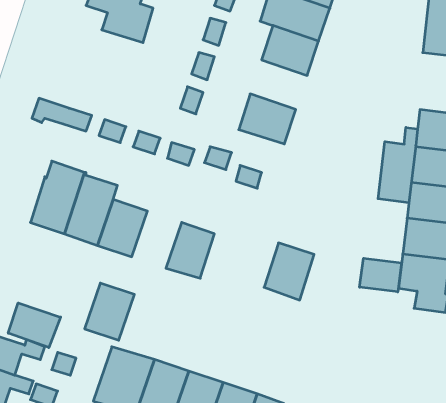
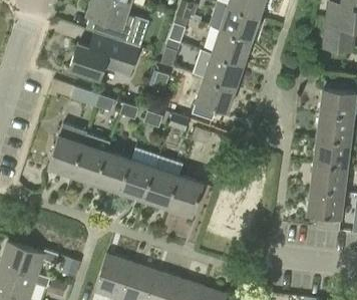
building: none -> [69,32,140,80]
building: none -> [203,53,243,88]
building: [378,127,417,203] -> none
building: [264,243,314,300] -> [167,176,203,216]
building: [360,258,402,292] -> none
building: [85,283,134,340] -> [119,160,154,200]
building: [8,303,61,348] -> none

